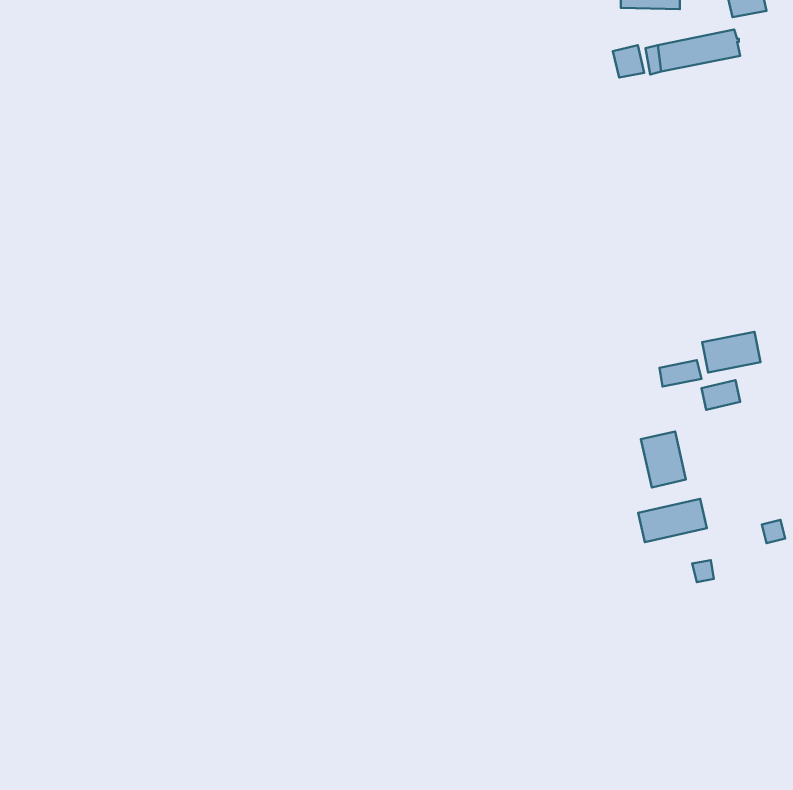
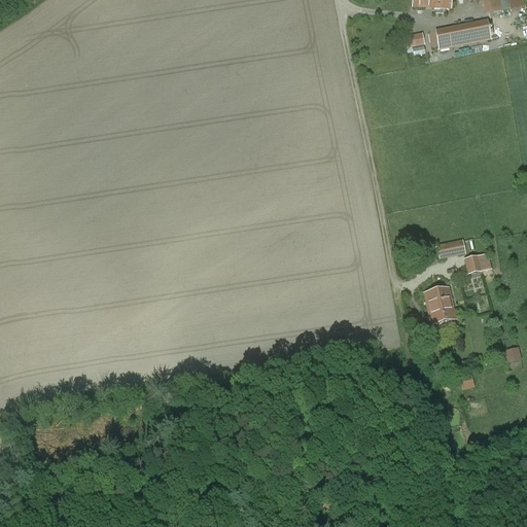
building: [702,332,761,373] -> none
building: [638,499,707,542] -> none

